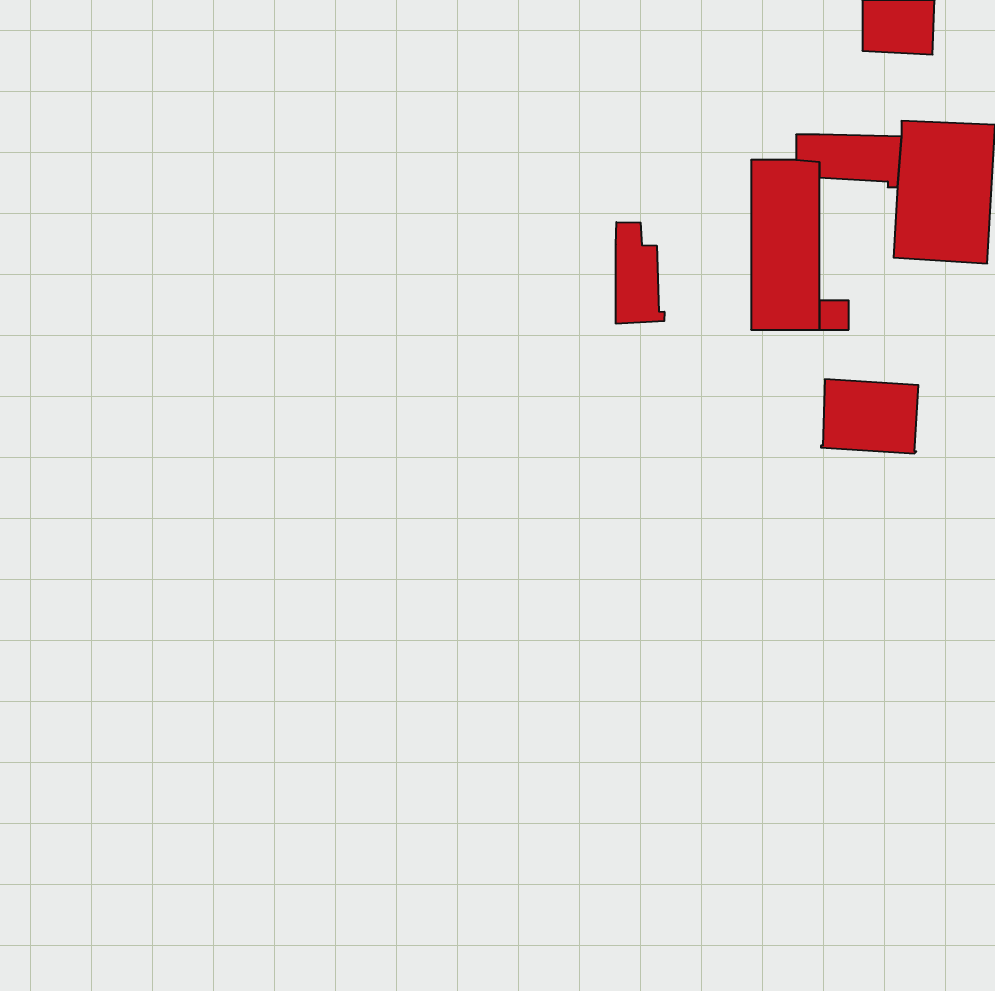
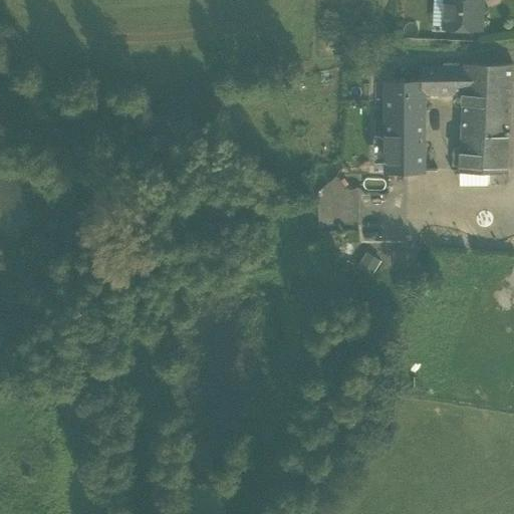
building: [616,222,664,324] -> none
building: [821,379,918,453] -> [458,136,508,174]

